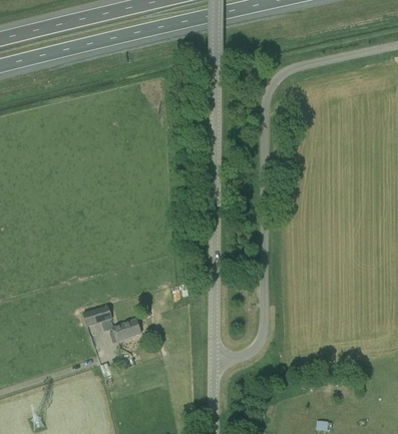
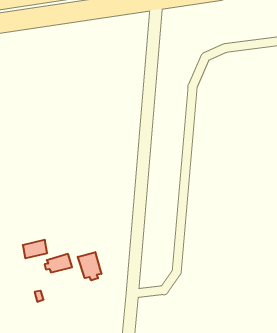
building: none -> [78,252,101,280]

